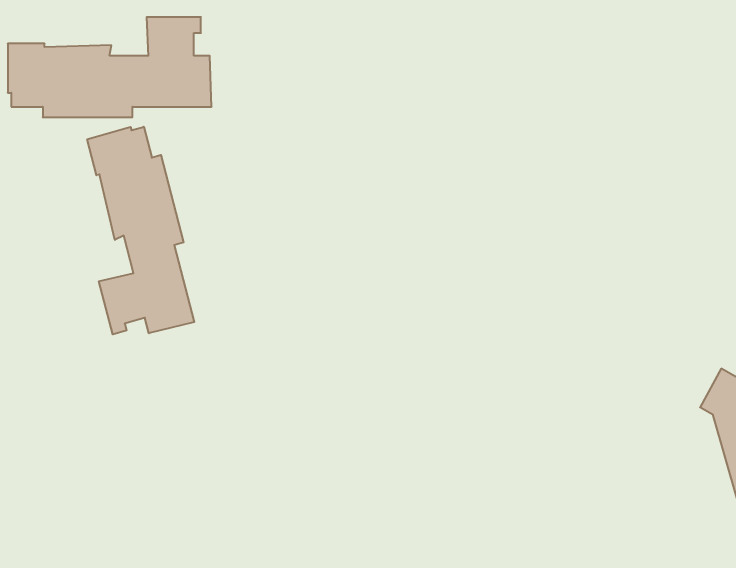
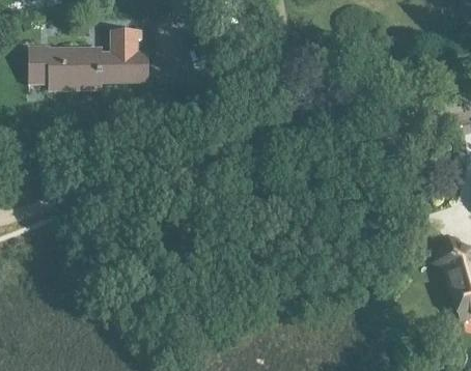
building: [87,127,194,334] -> none

